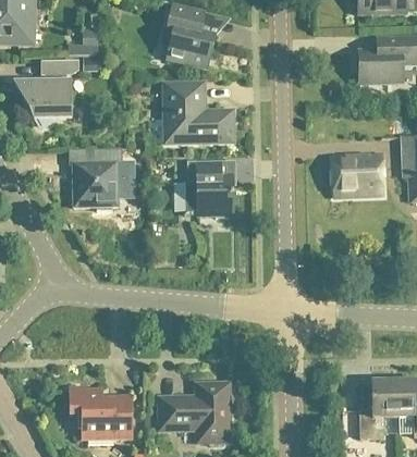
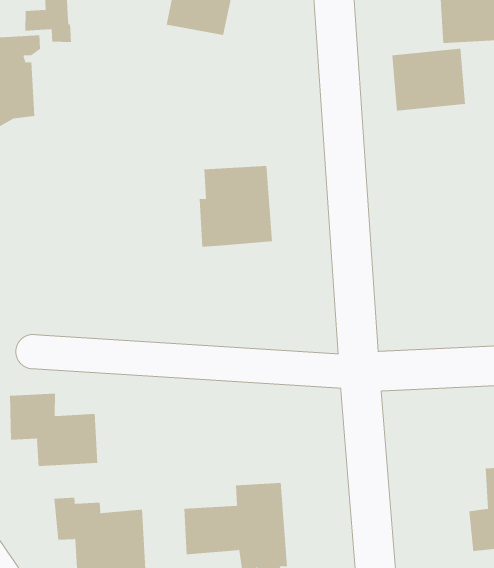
building: [164,84,231,141] -> none
building: [72,148,132,207] -> none
building: [332,155,382,196] -> [391,48,466,111]
building: none -> [10,393,98,467]

